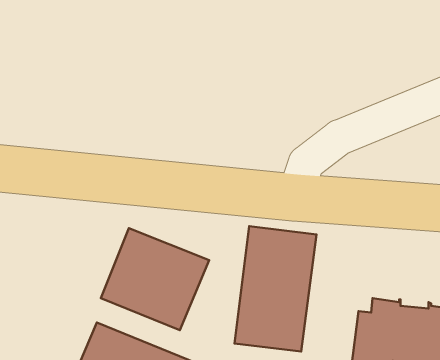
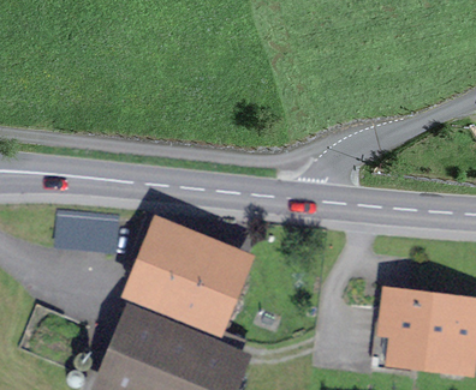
building: [234,226,317,351] -> none

